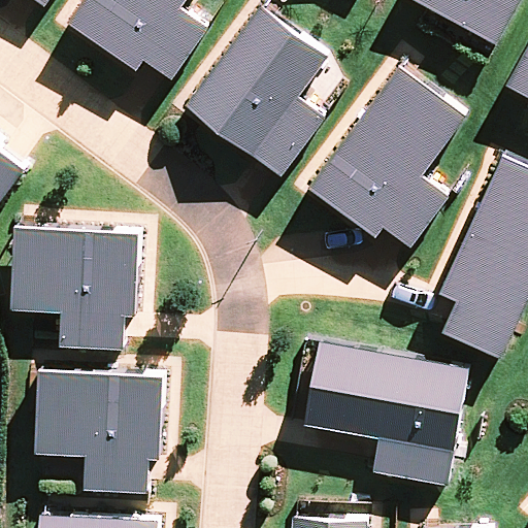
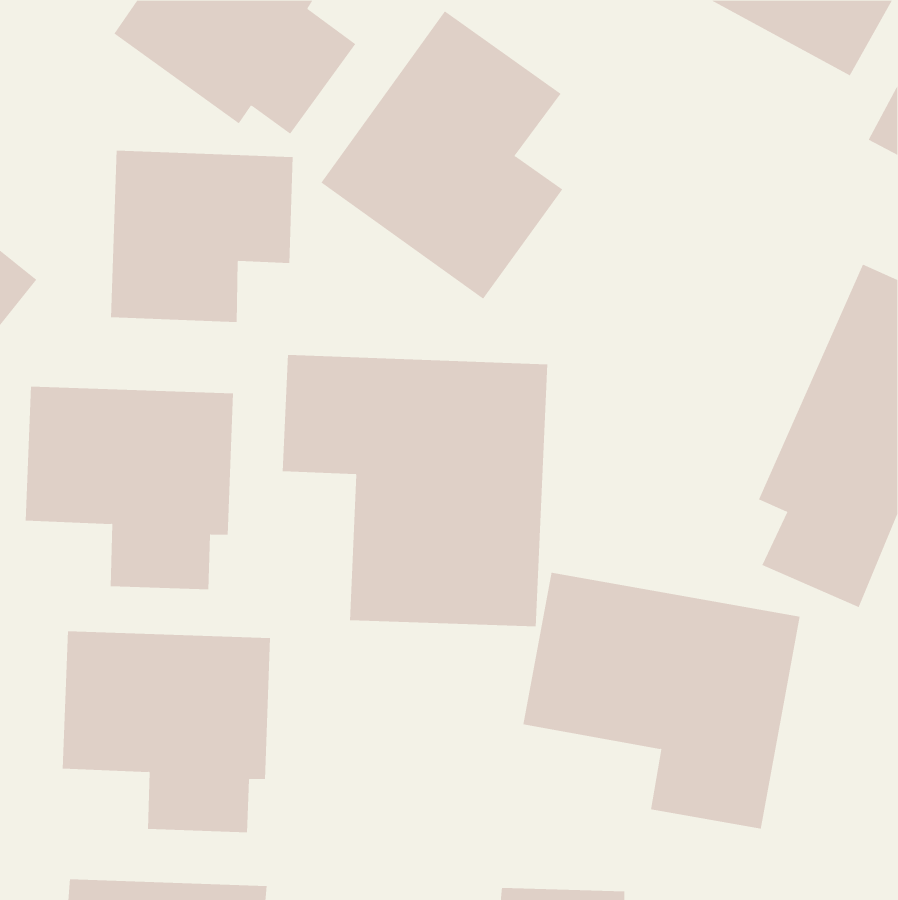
building: [309,68,463,245] -> none
building: none -> [110,150,293,323]
building: none -> [282,354,548,627]

